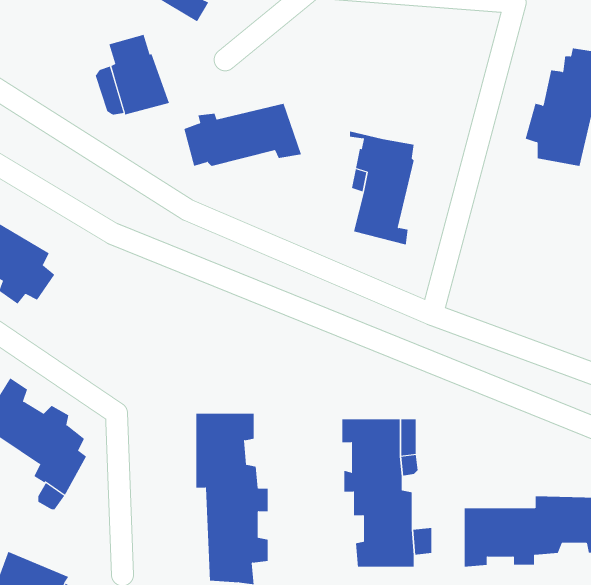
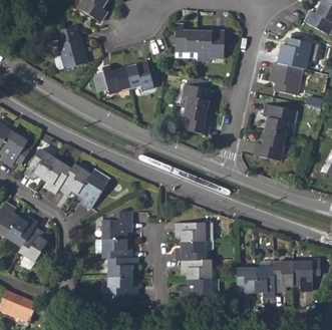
building: none -> [175,24,224,61]
building: none -> [254,105,296,160]
building: none -> [24,148,104,208]

